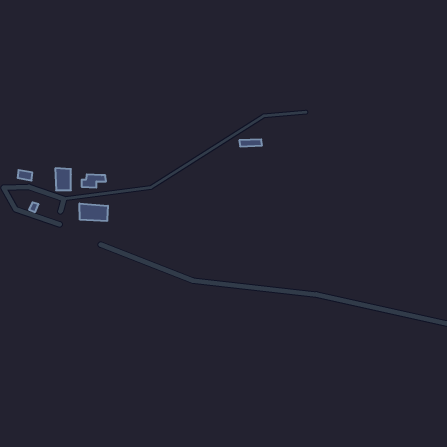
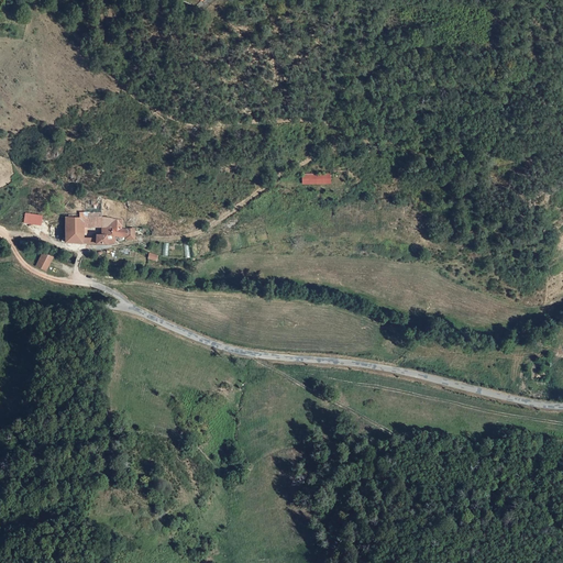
building: [80,203,108,221] -> none

